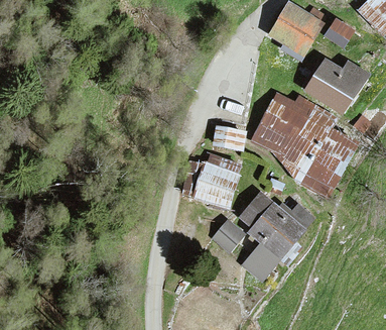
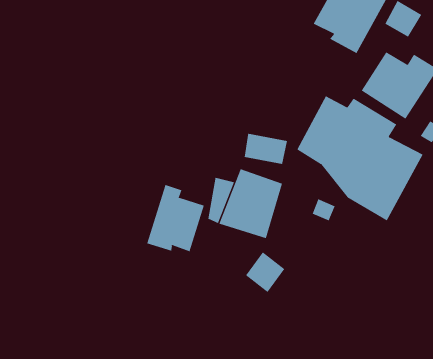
building: none -> [146,184,204,252]
building: [240,192,314,280] -> none

